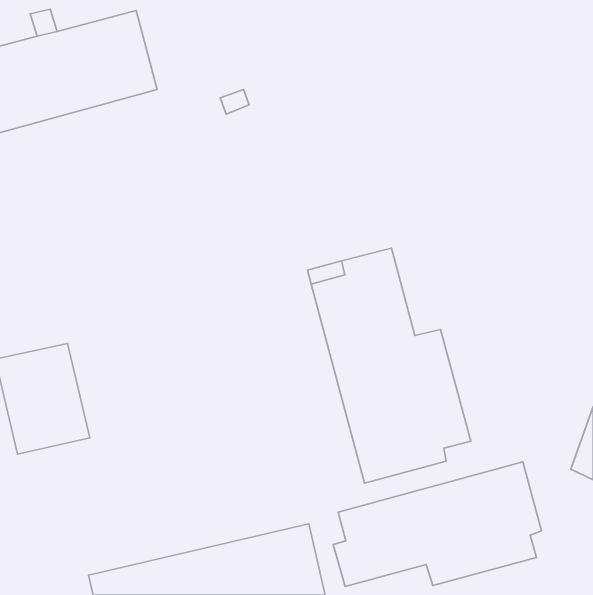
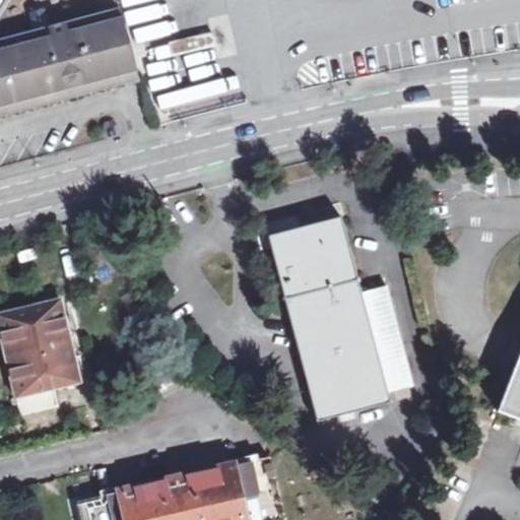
building: [333,462,541,587] -> none

